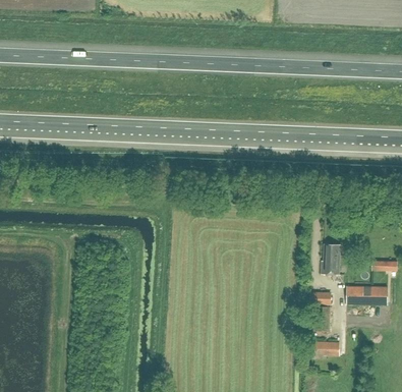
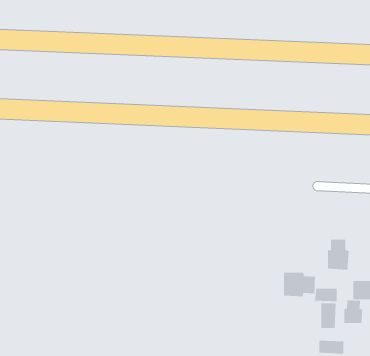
building: none -> [283,272,316,297]
building: none -> [344,300,363,324]

